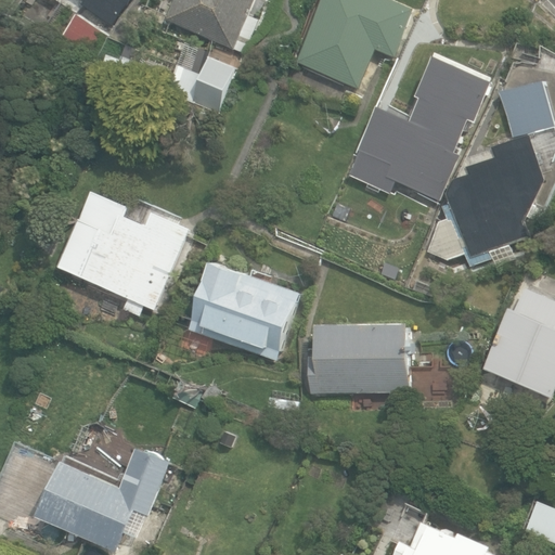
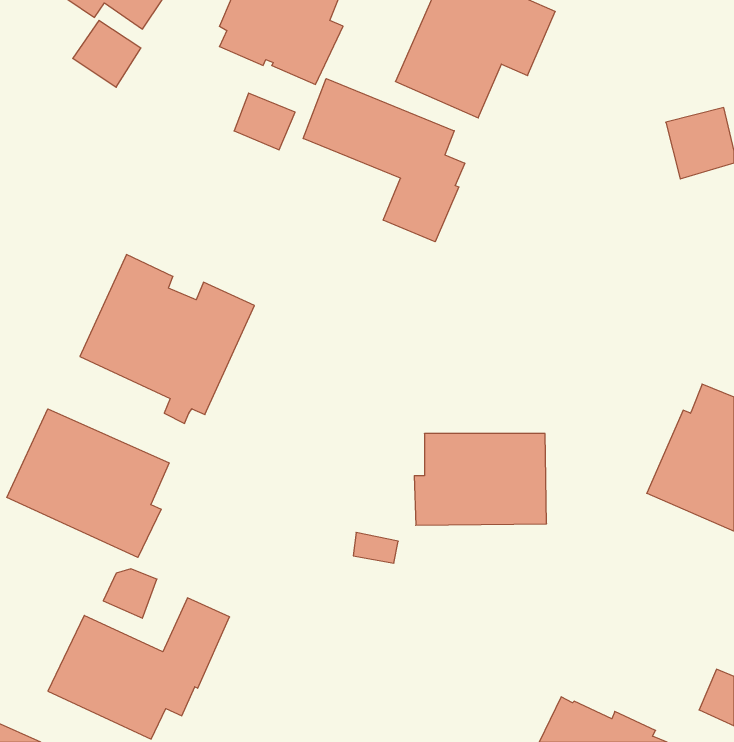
building: [347,56,492,201] -> none
building: none -> [303,79,465,242]
building: [424,137,541,264] -> none
building: [189,261,299,358] -> none
building: none -> [7,409,169,557]

